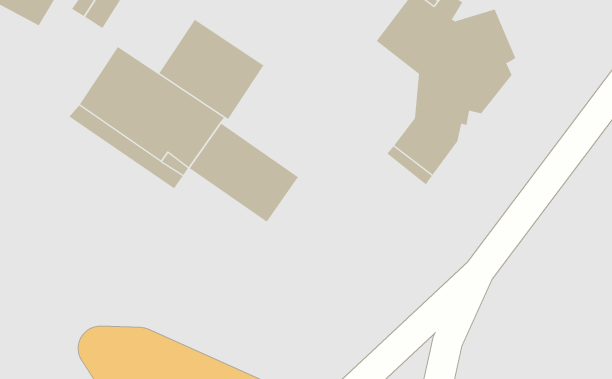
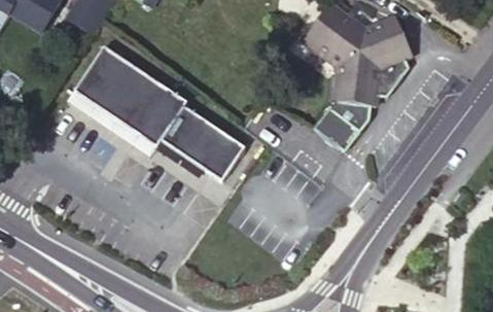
building: [159,19,264,120] -> none

